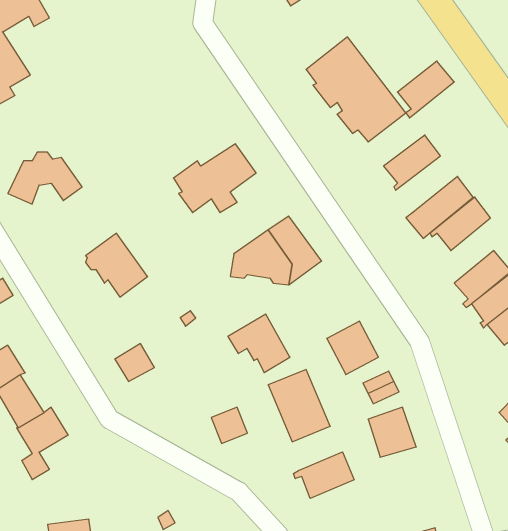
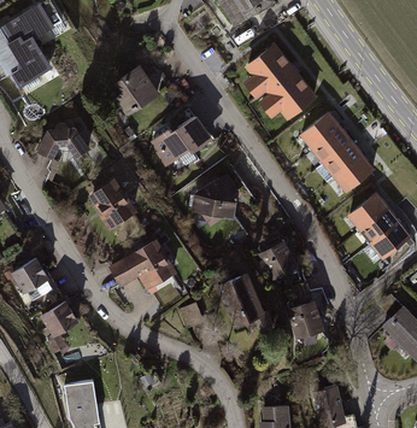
building: [397,61,454,118] -> [311,125,351,165]
building: none -> [114,65,169,110]
building: [228,314,290,373] -> [129,241,172,282]
building: [294,452,354,498] -> none

